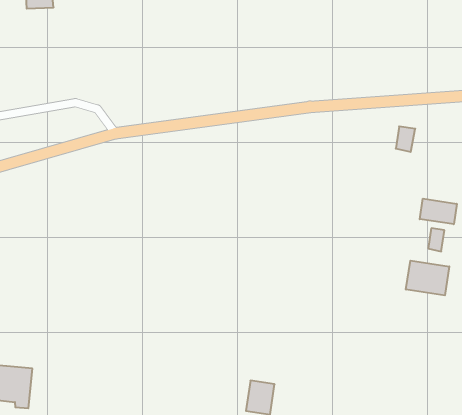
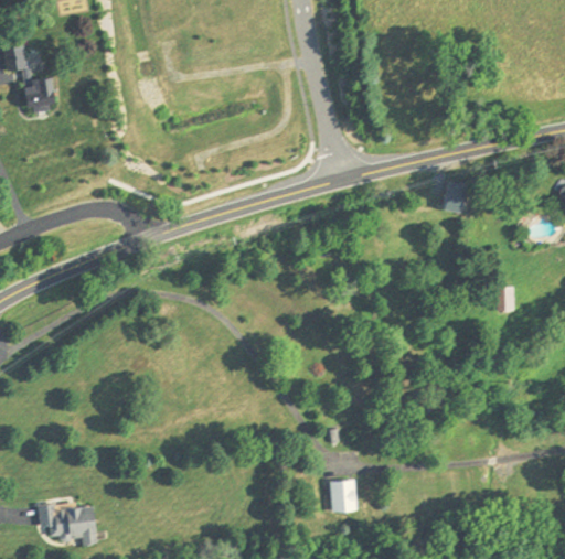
building: [420,199,457,224] -> none
building: [406,261,449,295] -> none

